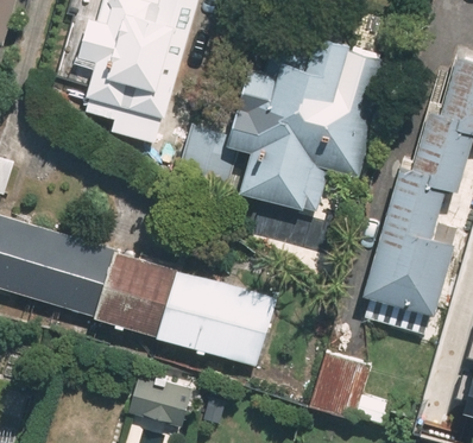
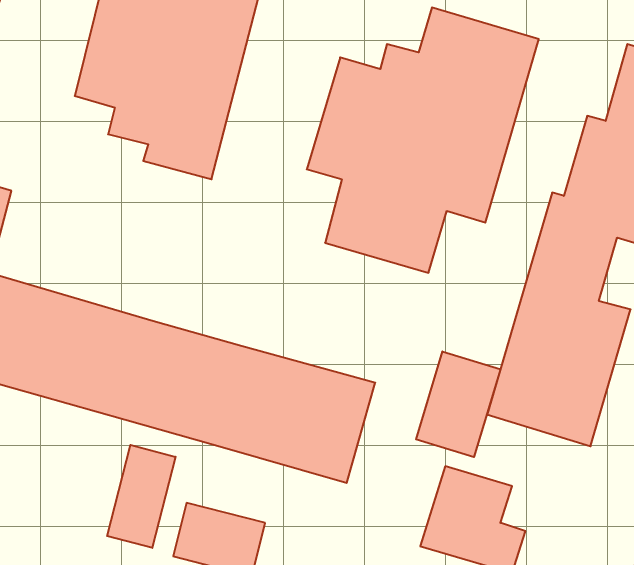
building: none -> [416,351,500,457]
building: none -> [107,445,176,548]

